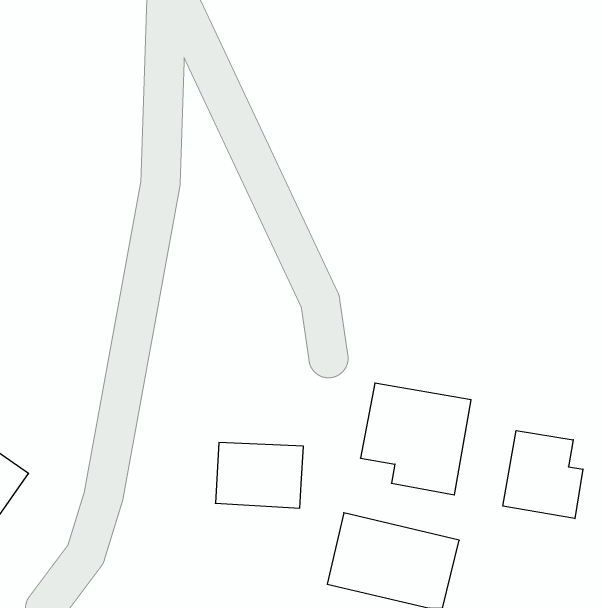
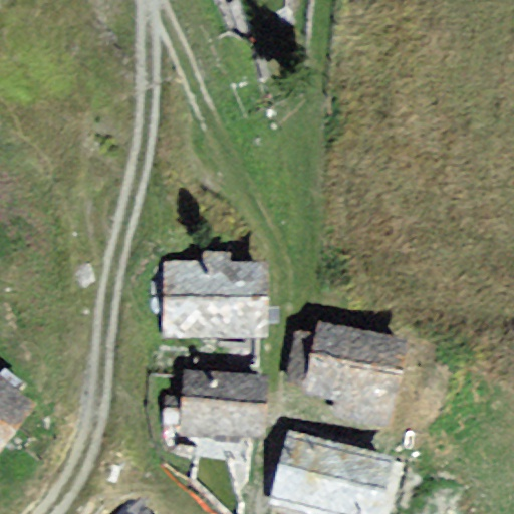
building: none -> [167,264,259,330]
building: [503,431,583,519] -> none

